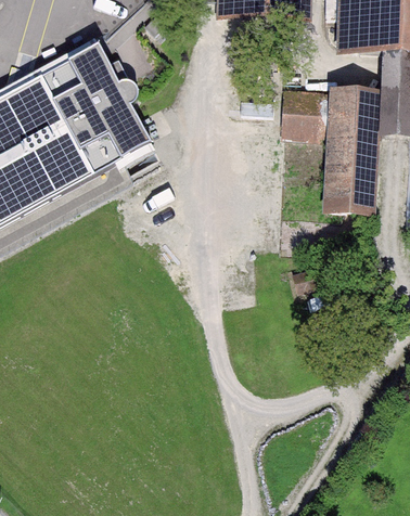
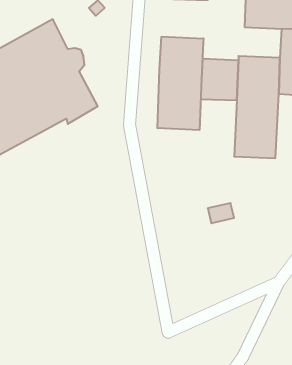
building: none -> [158,37,203,130]

